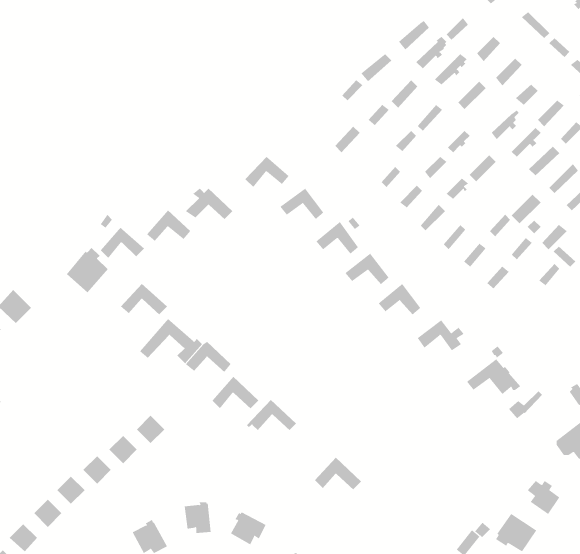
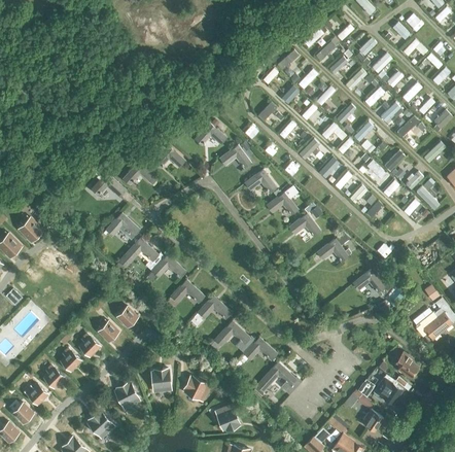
building: [66,247,108,293] -> none
building: none -> [215,321,254,351]
building: none -> [256,362,296,391]

